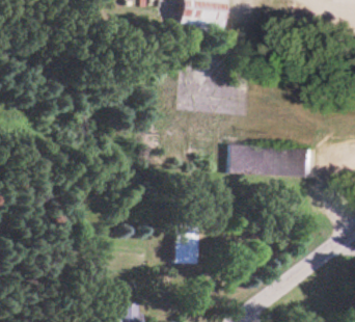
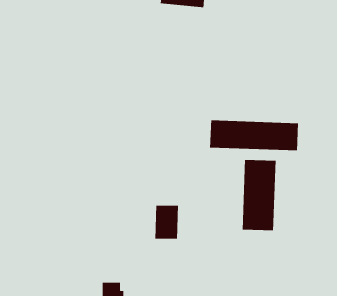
building: none -> [242,159,276,231]

